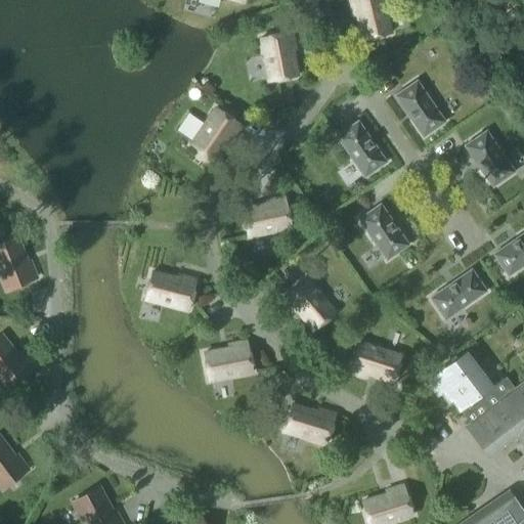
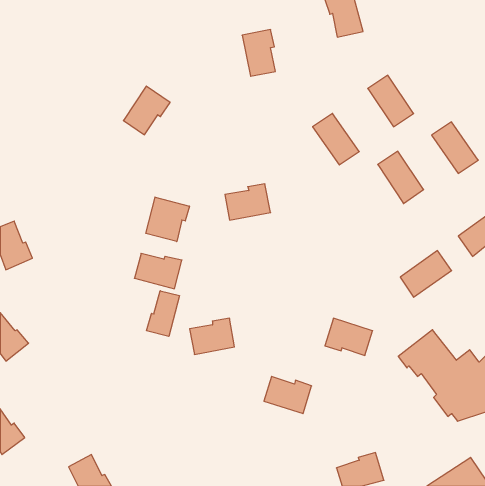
building: [192,107,243,160] -> [123,86,170,135]
building: [360,204,409,260] -> [378,151,424,204]
building: none -> [146,197,189,242]
building: [285,277,337,330] -> none
building: none -> [147,291,179,336]

